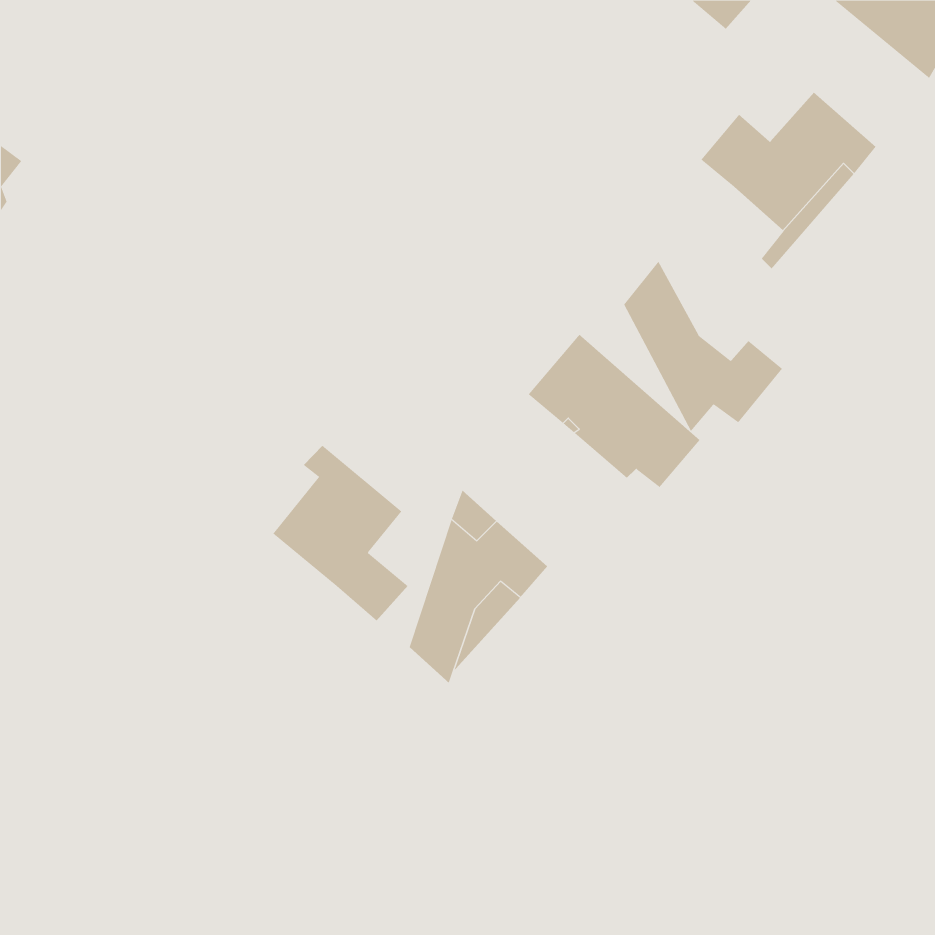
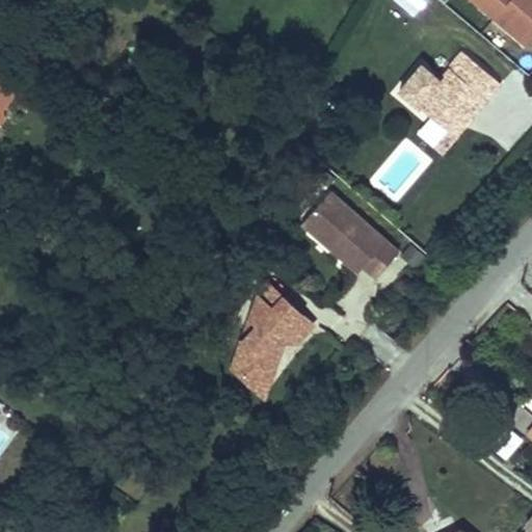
building: [623,261,783,432] -> none
building: [273,445,408,622] -> none

